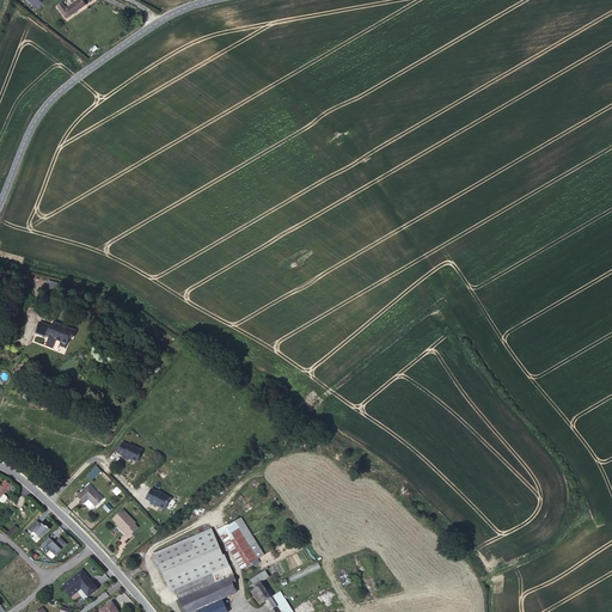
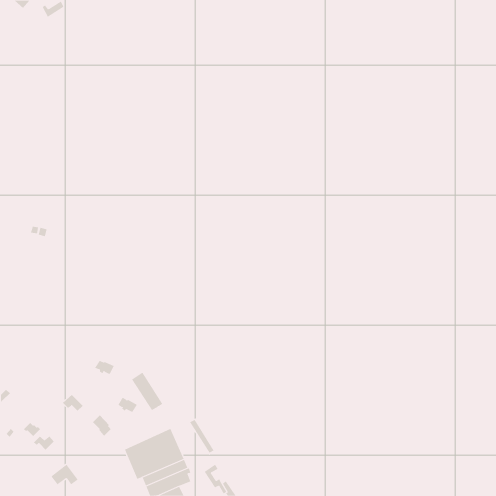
building: [35,322,73,348] -> none
building: [219,520,258,568] -> [131,372,163,411]

